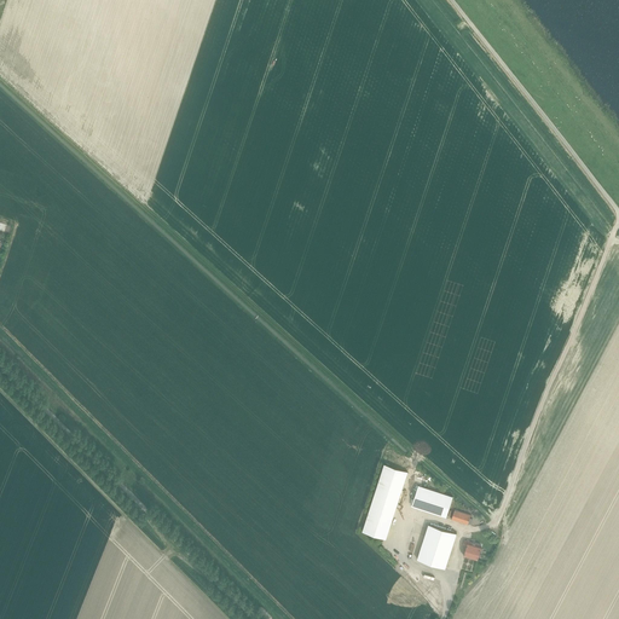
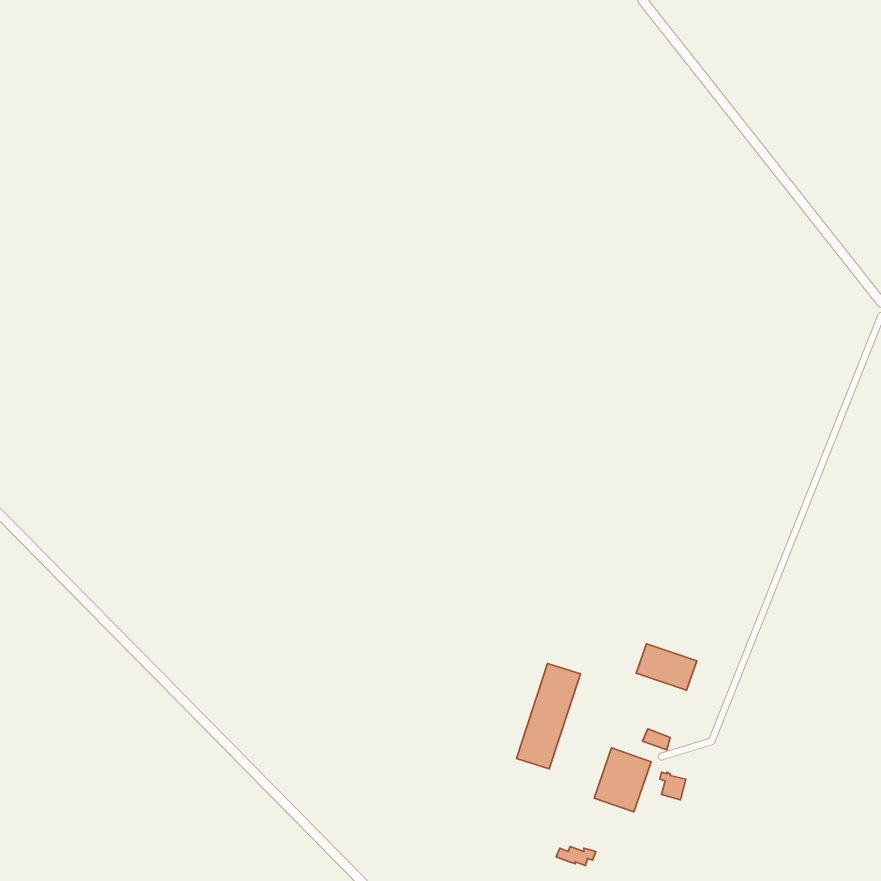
building: [410,486,452,519] -> [636,644,697,690]

